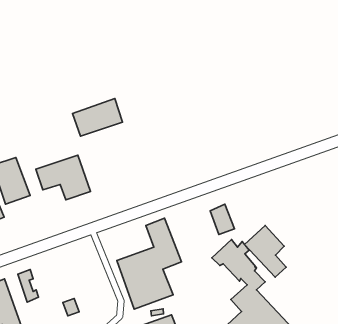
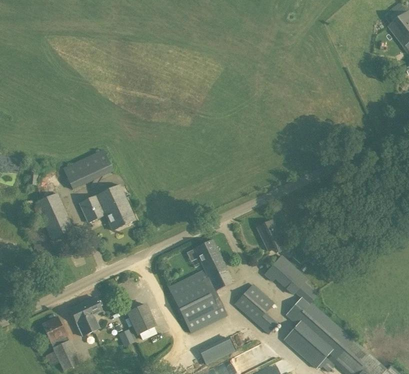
building: [73,98,123,136] -> [62,148,113,189]
building: [244,225,286,277] -> [234,283,278,334]
building: none -> [82,297,102,330]
building: none -> [126,303,156,334]

